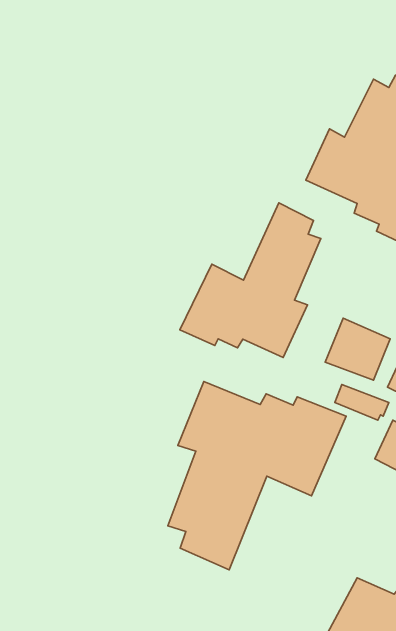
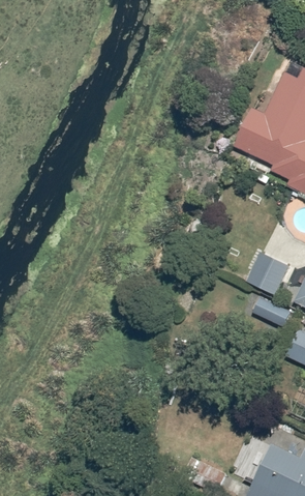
building: [180,203,321,358] -> none
building: [168,382,346,570] -> none

